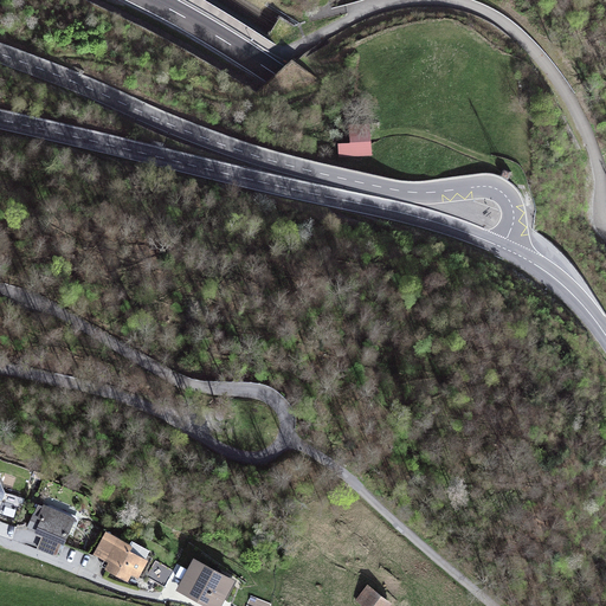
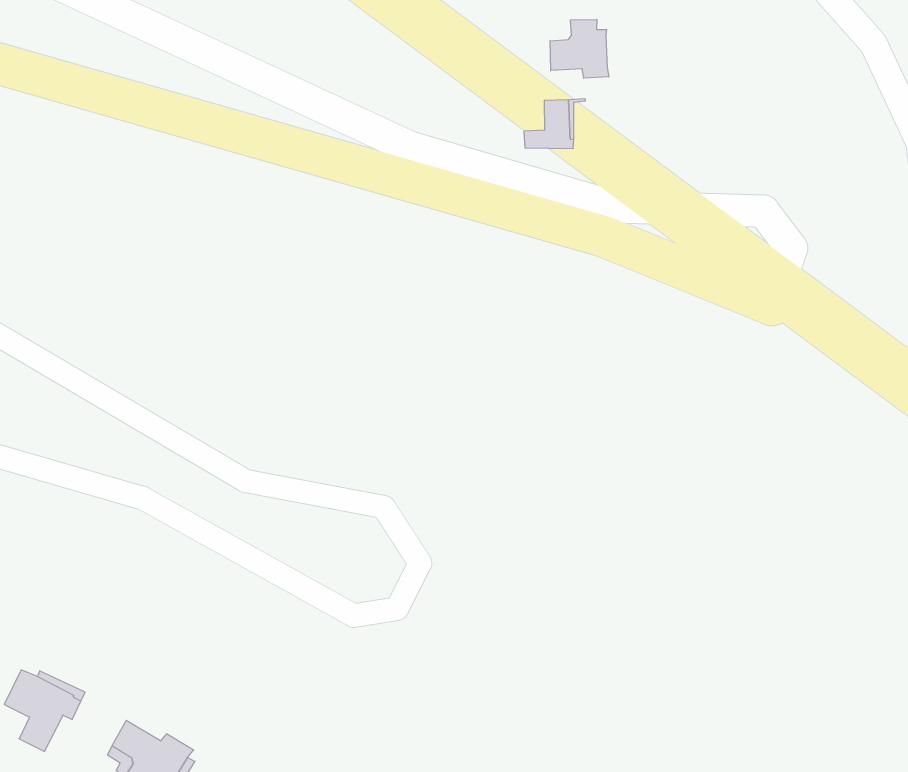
building: none -> [550,19,609,78]

